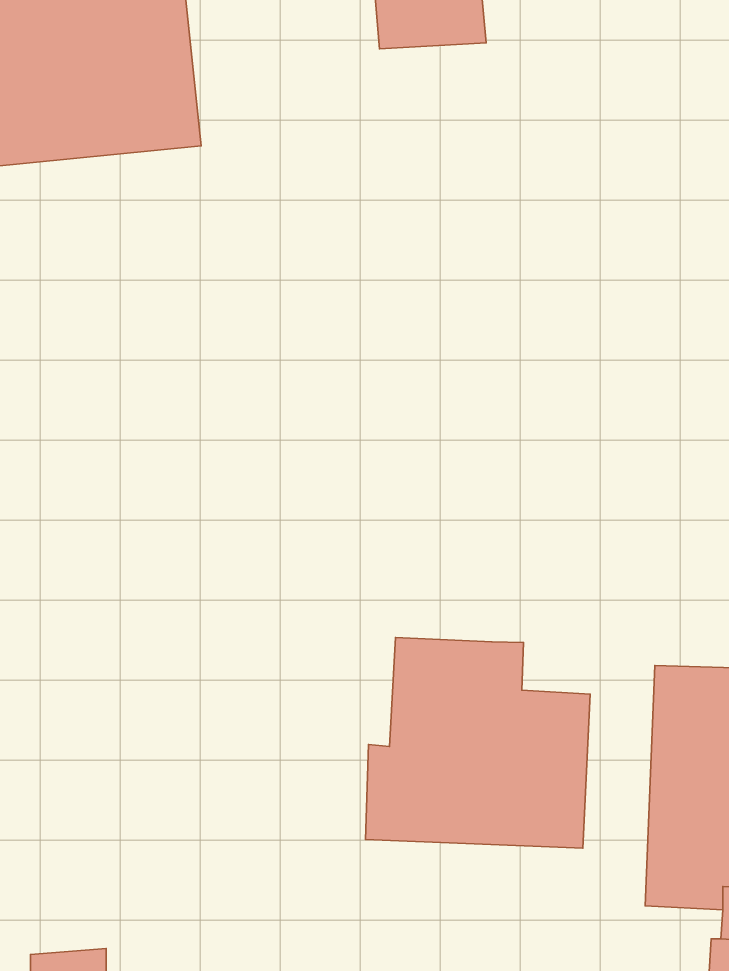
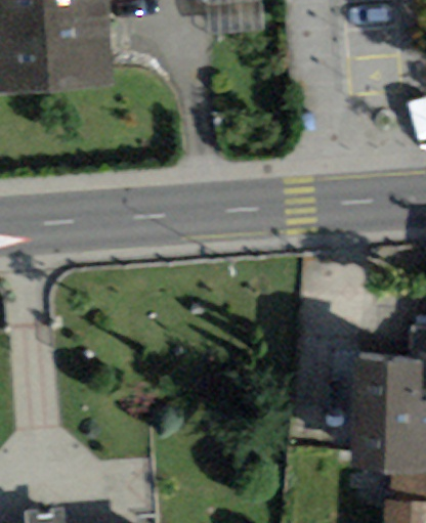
building: [365,638,590,848] -> none

